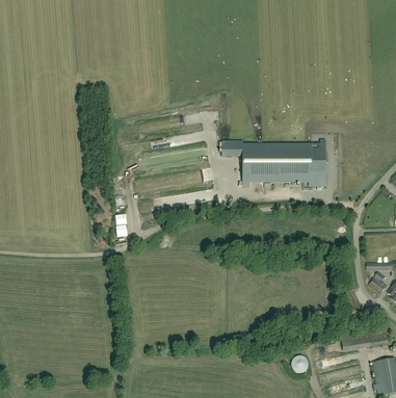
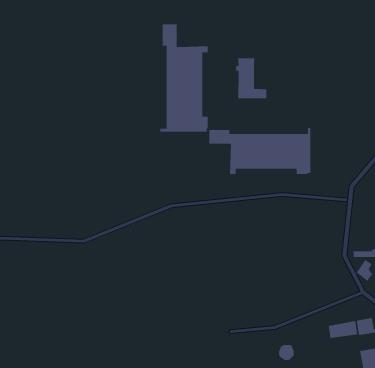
building: none -> [160,23,208,132]
building: none -> [235,57,267,99]

